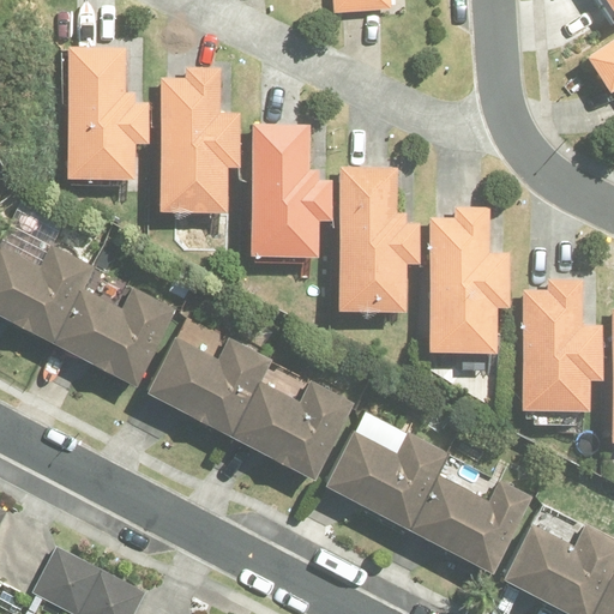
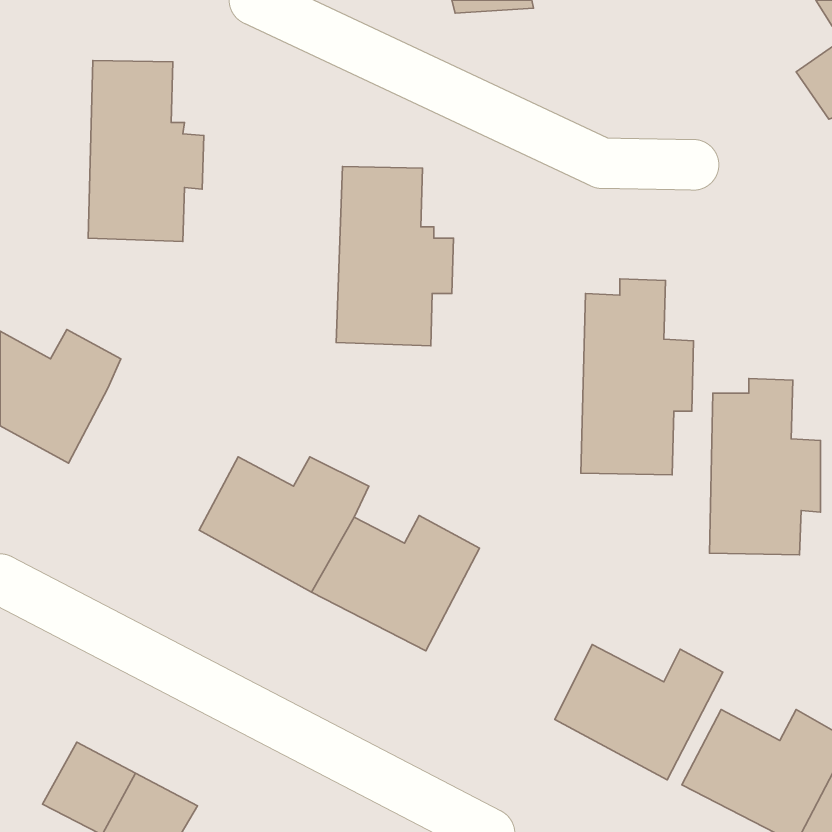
building: [158,66,240,211] -> none
building: [338,168,422,309] -> none
building: [52,285,176,385] -> none
building: [324,431,449,530] -> none

